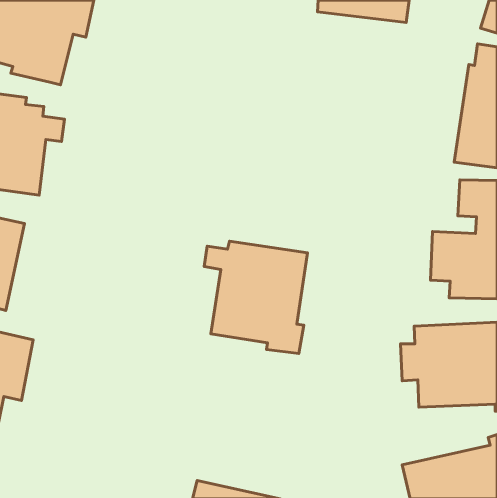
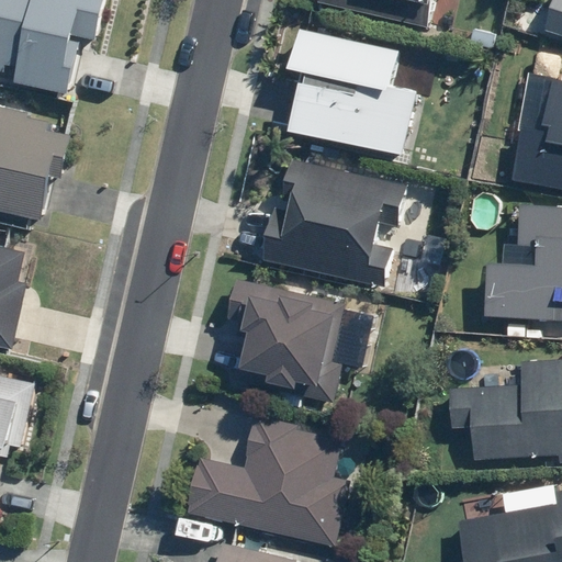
building: none -> [290,26,423,155]
building: none -> [261,162,412,285]
building: none -> [184,413,348,543]

